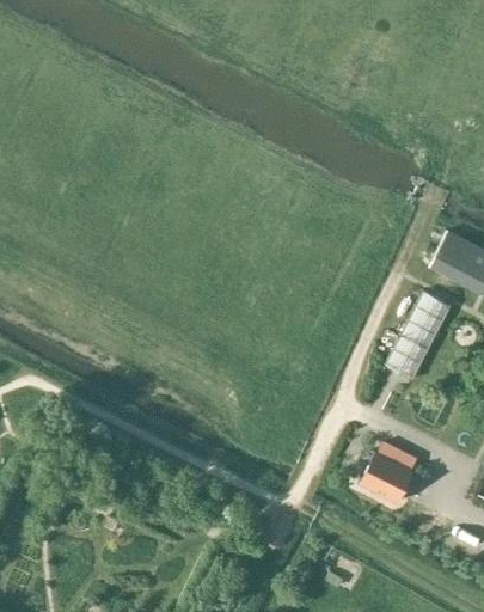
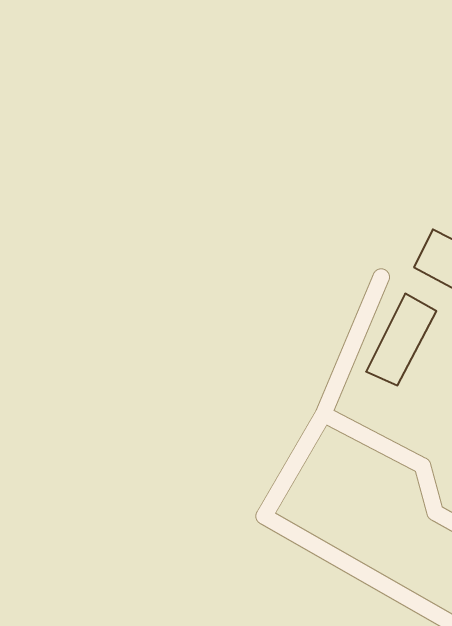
building: [360,452,413,502] -> none

